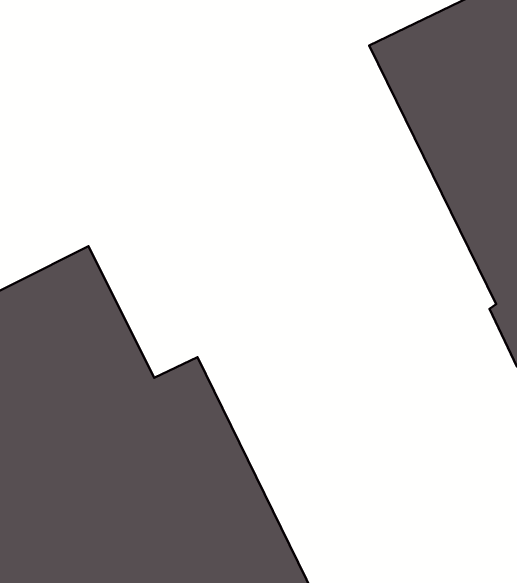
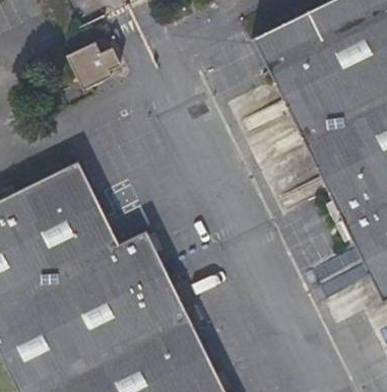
building: none -> [68,44,123,91]

